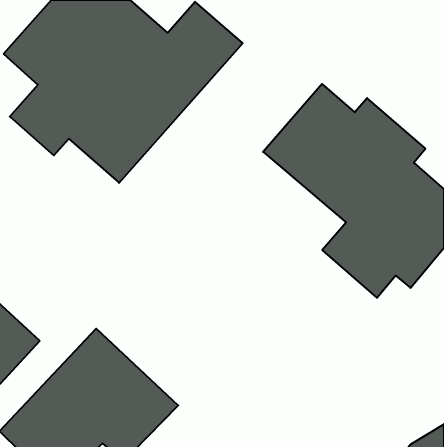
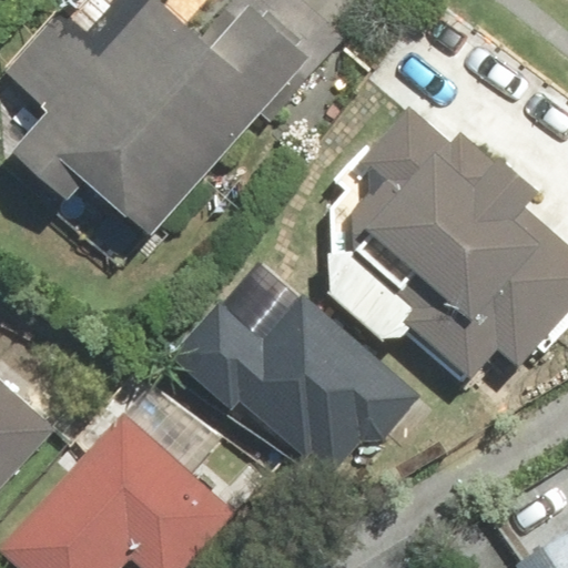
building: none -> [183,282,426,464]

